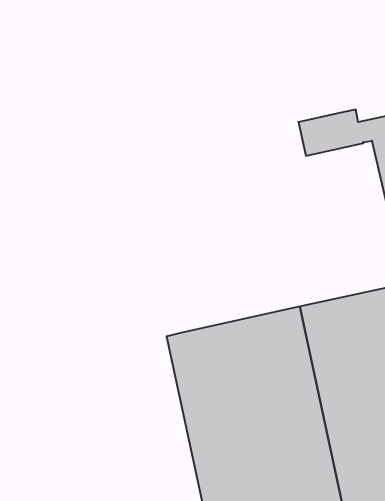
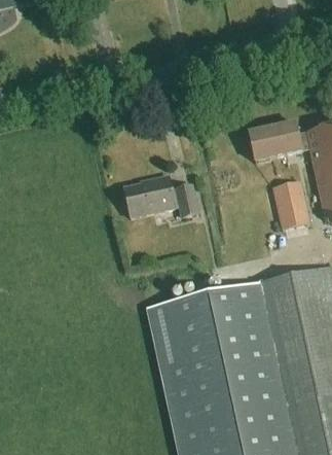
building: none -> [125,175,199,215]
building: none -> [272,178,309,226]

